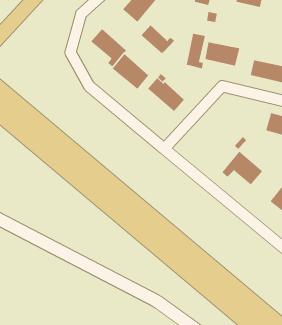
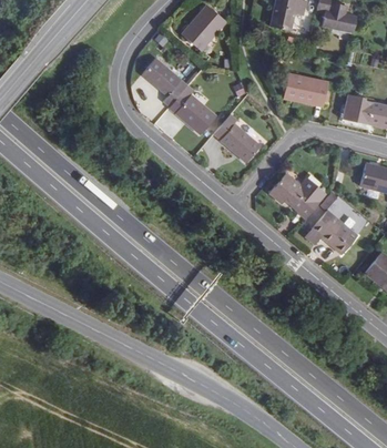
building: [141,24,175,55] -> none
building: [186,33,206,69] -> none
building: none -> [271,173,320,214]

